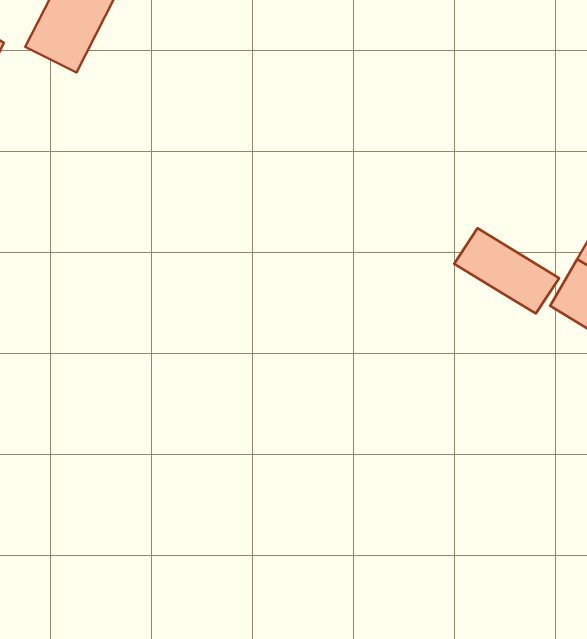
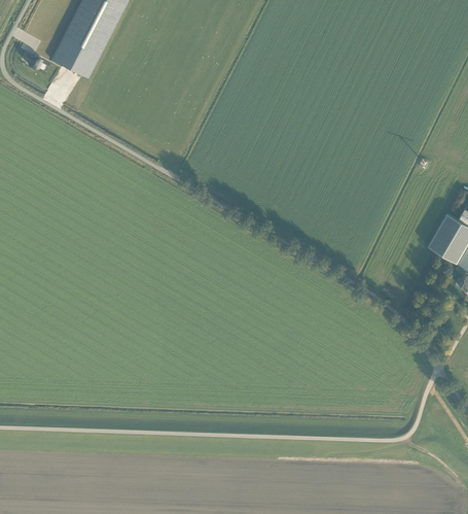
building: [454,228,559,314] -> none

